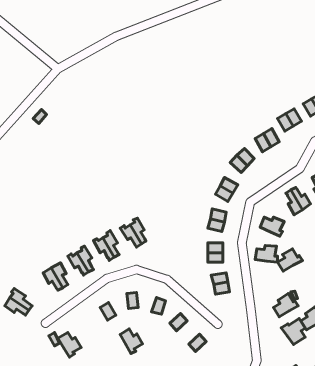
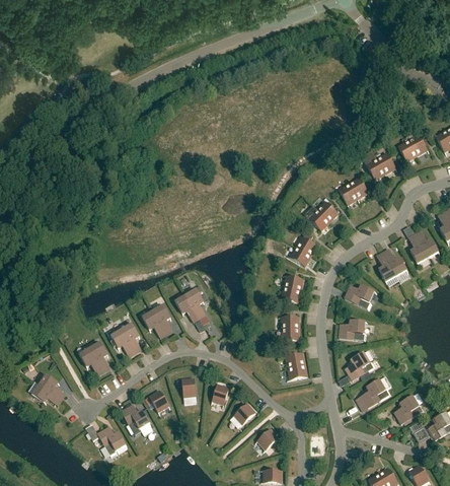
building: [277,249,302,271] -> [345,352,375,379]
building: [281,318,305,345] -> none
building: [120,329,143,354] -> [122,404,149,434]

